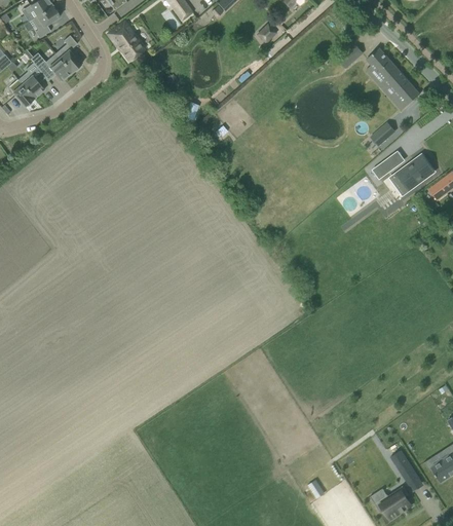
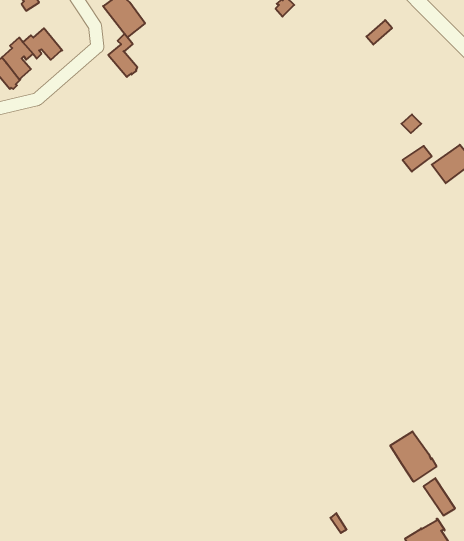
building: [54,34,80,72] -> [108,34,137,77]
building: [366,47,419,105] -> none
building: none -> [390,431,436,482]

